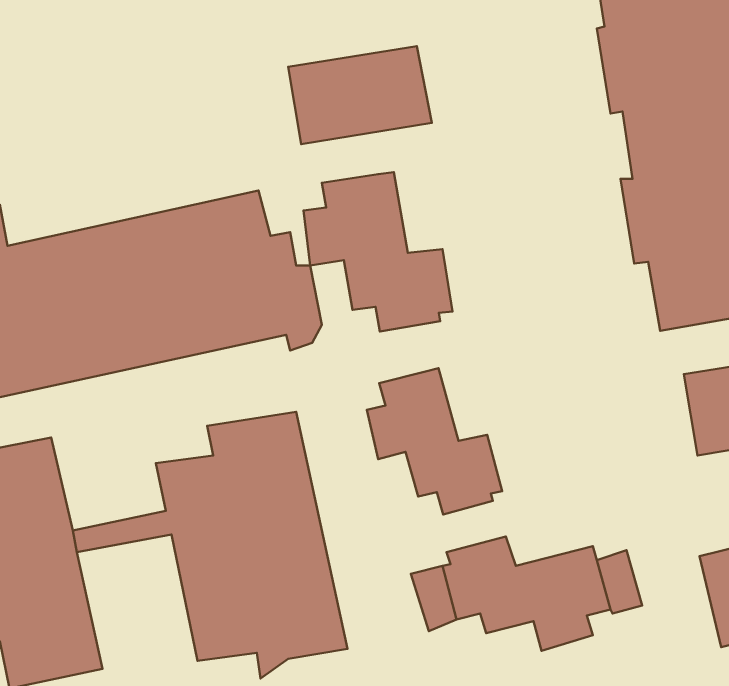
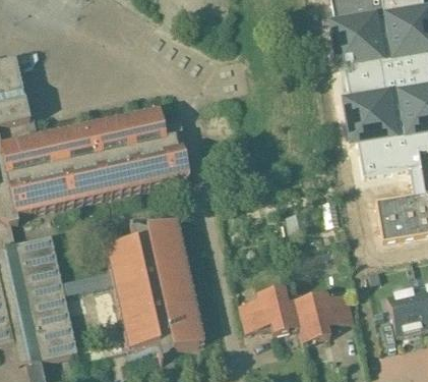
building: [288,46,432,144] -> none
building: [303,172,453,331] -> none
building: [367,368,502,514] -> none

